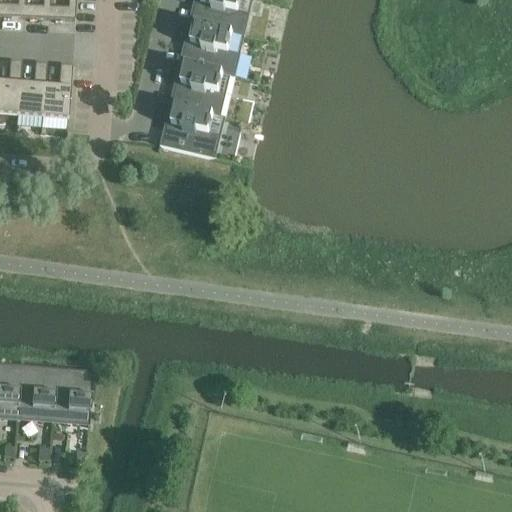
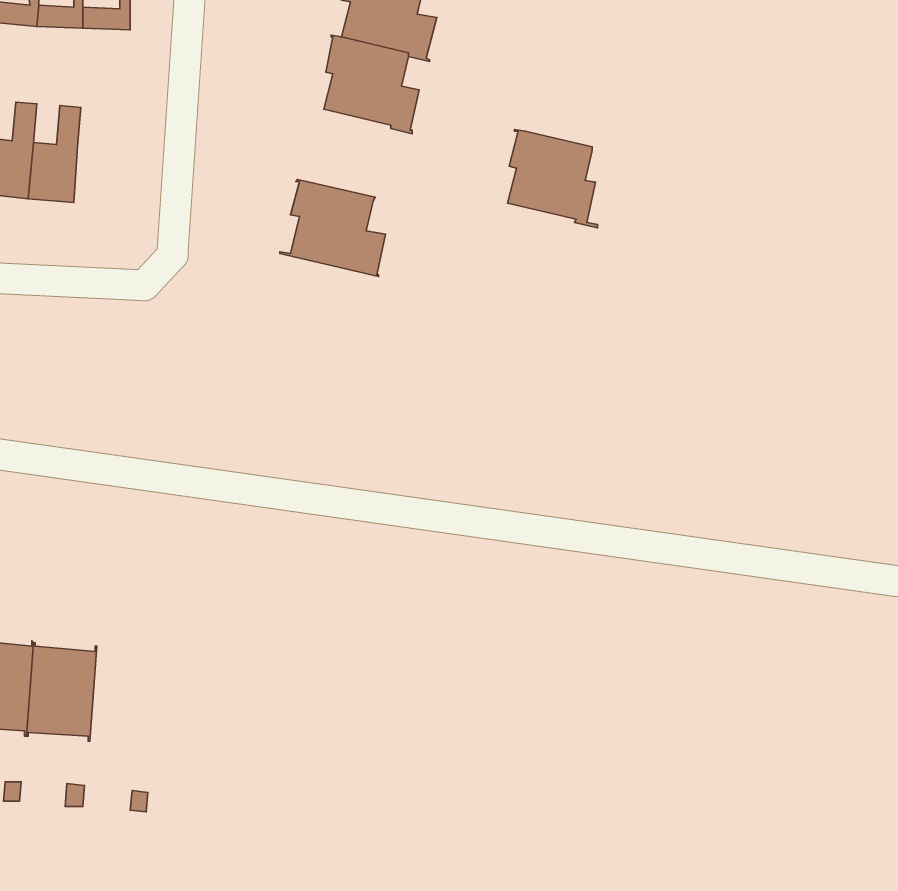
building: [174,61,225,117] -> [508,129,597,228]
building: [42,62,71,117] -> none
building: [51,367,92,424] -> none

